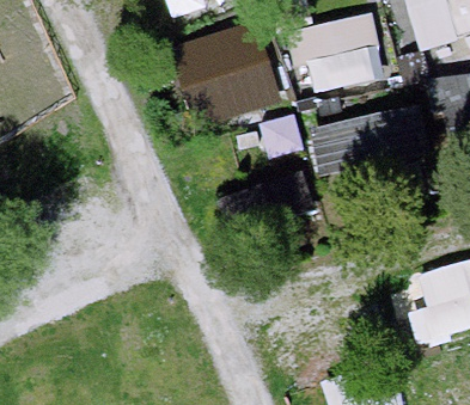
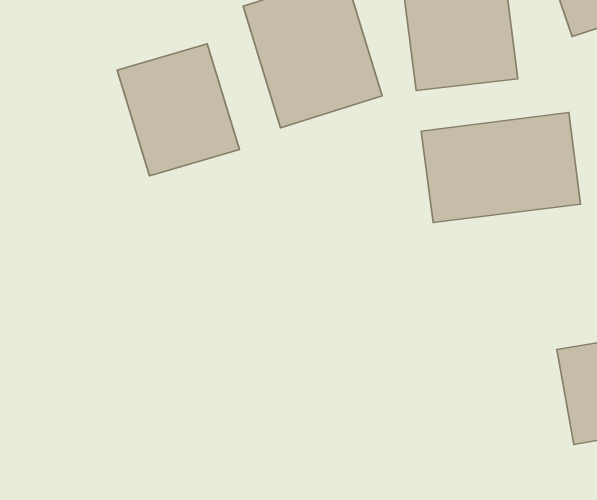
building: none -> [117,44,240,176]

